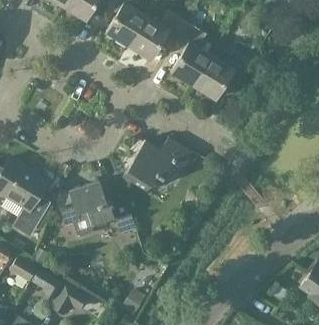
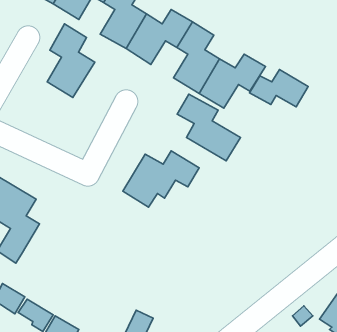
building: none -> [47,24,95,98]
building: none -> [249,69,308,107]
building: none -> [177,94,240,161]
building: [60,182,135,238] -> none

